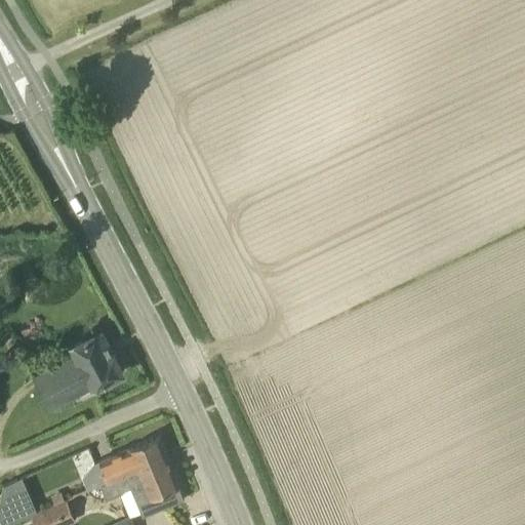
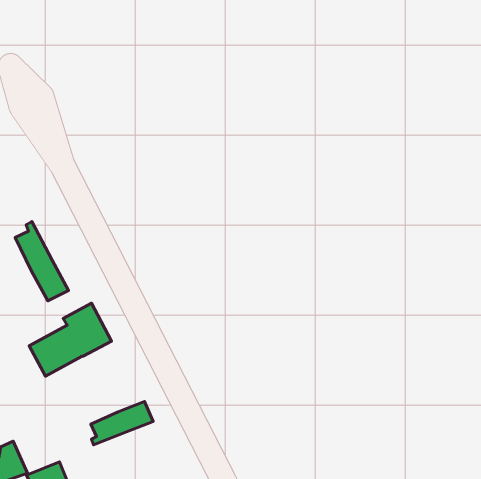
building: none -> [15,222,69,301]
building: [99,461,181,520] -> none

